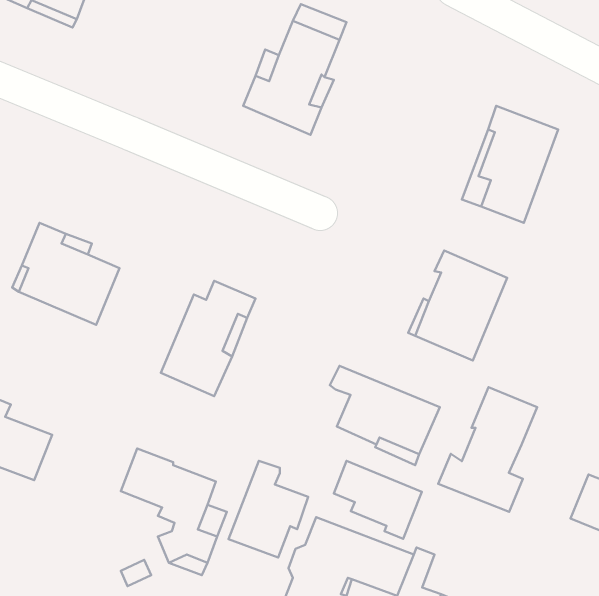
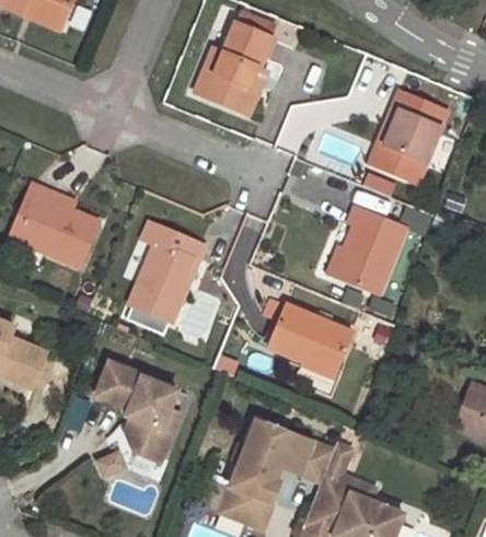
building: [438,387,537,512] -> none
building: [334,461,422,539] -> none
building: [229,461,308,557] -> none

